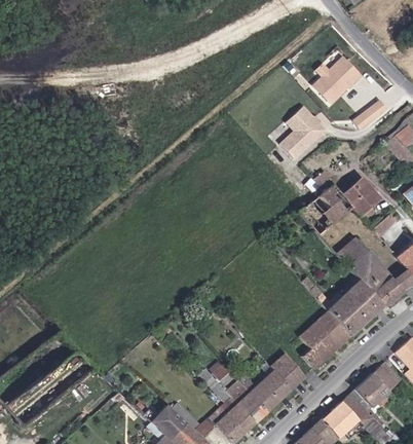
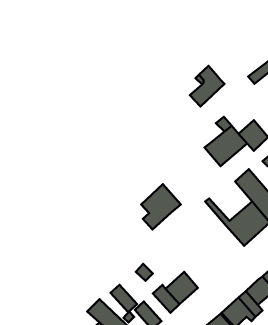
building: [315,59,364,105] -> none
building: [299,310,349,368] -> [141,184,181,229]
building: [271,353,305,390] -> none
building: [222,397,256,432] -> [111,285,137,312]

